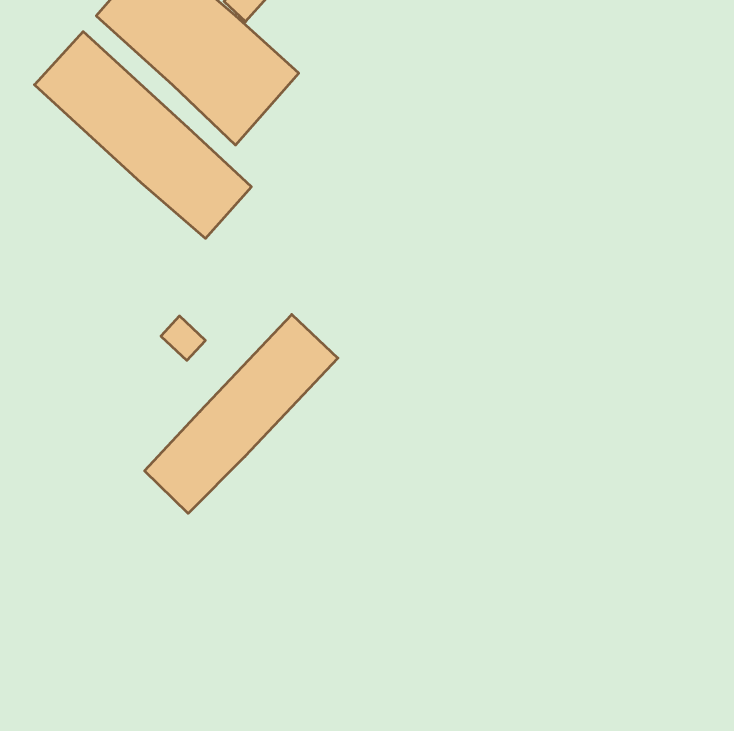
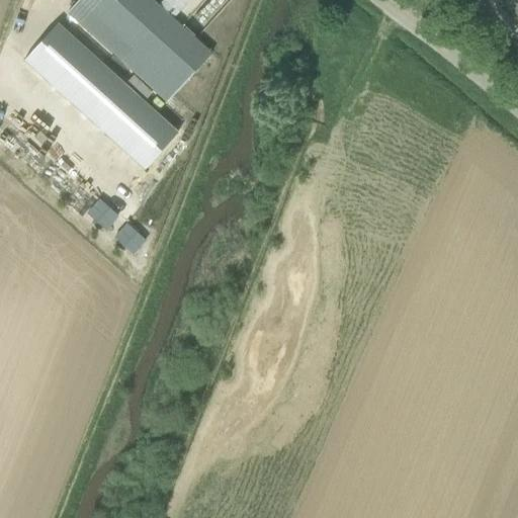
building: none -> [86,197,118,229]
building: [145,314,338,513] -> none

